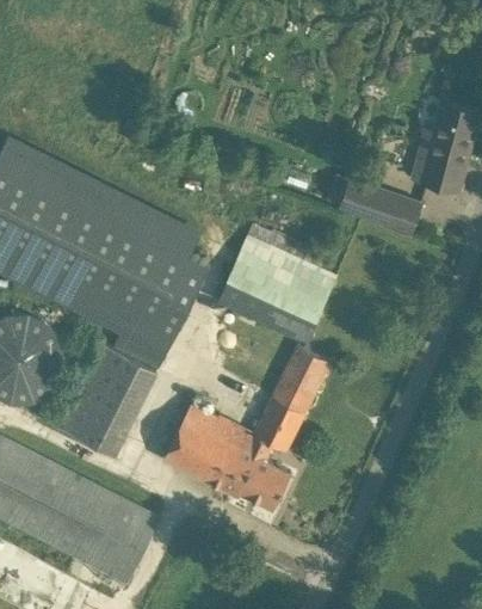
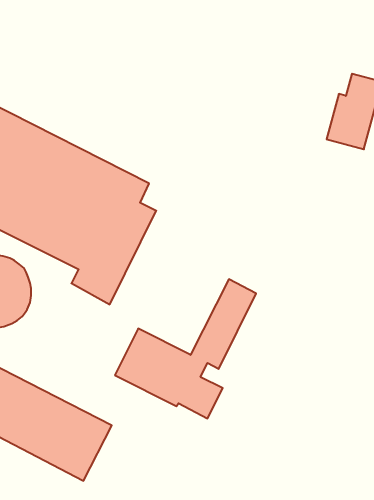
building: [339,179,421,233] -> none
building: [216,228,340,349] -> none
building: [54,347,157,459] -> none

